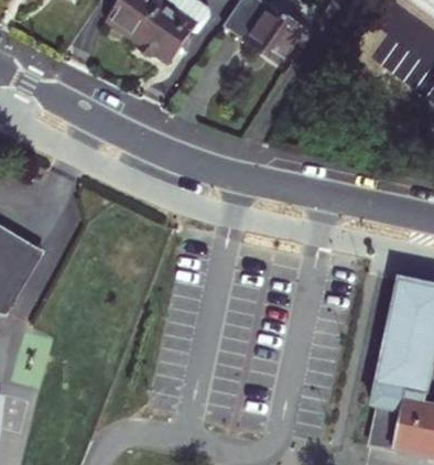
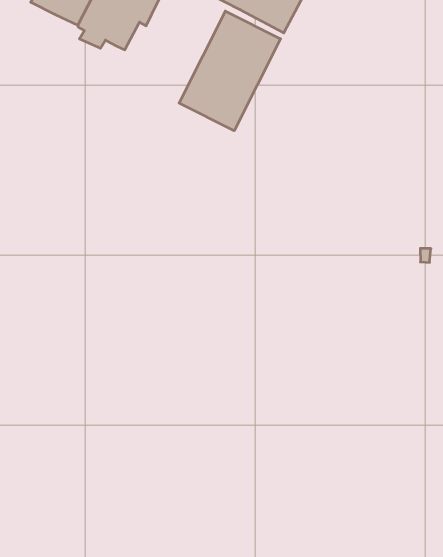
building: none -> [179,11,281,131]

